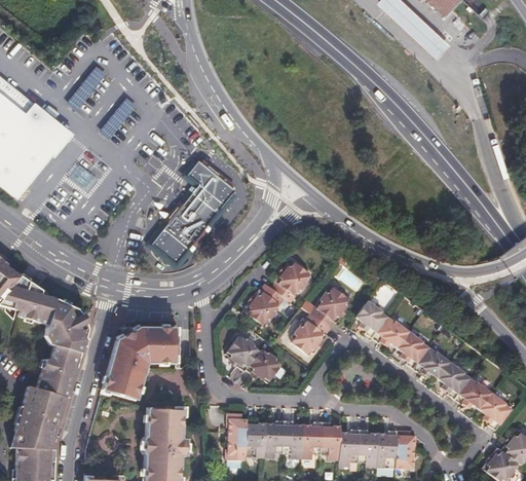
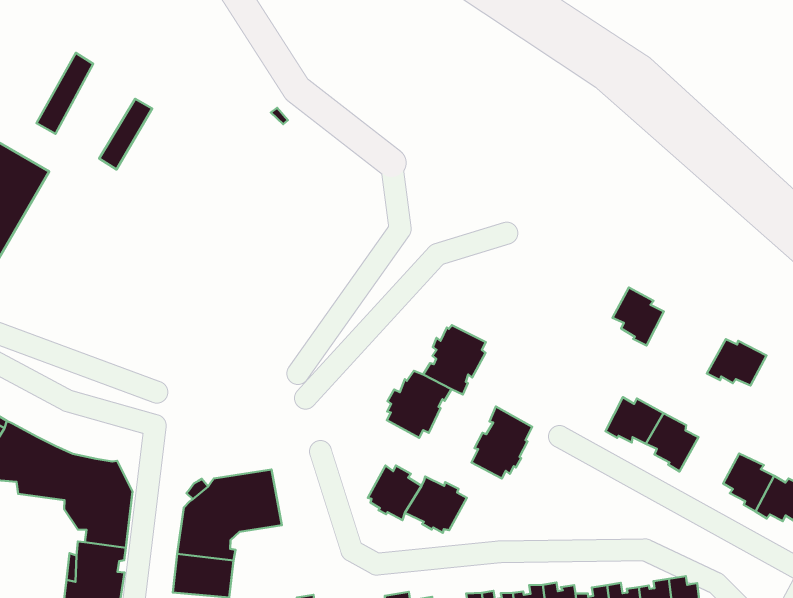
building: [148,154,238,264] -> none
building: [311,288,351,328] -> none
building: [356,301,387,337] -> [613,287,664,345]
building: [414,349,451,379] -> [707,339,767,386]

